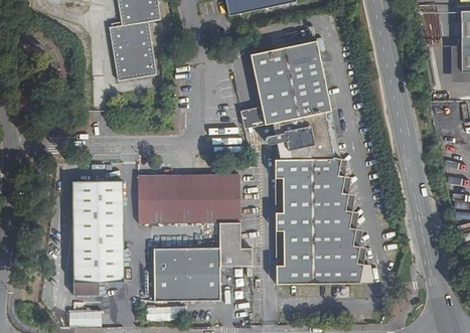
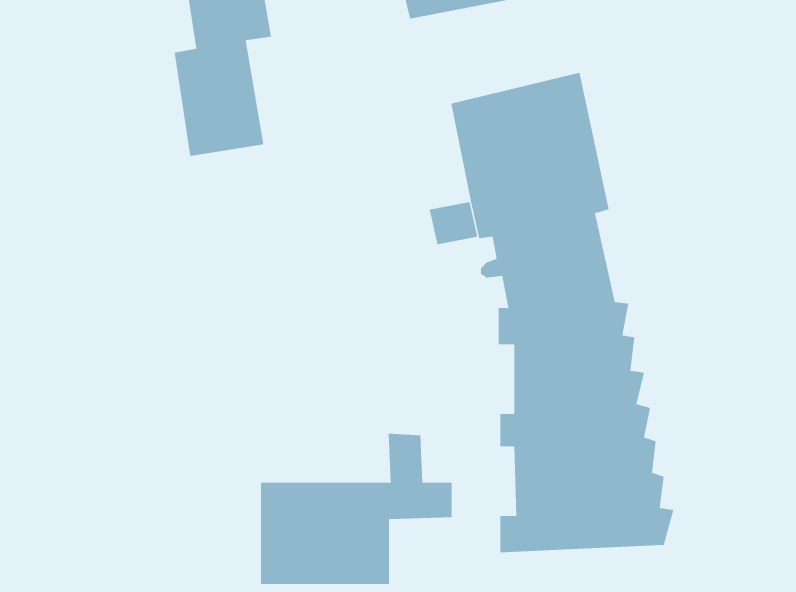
building: [138,176,237,224] -> none
building: [72,182,123,296] -> none

